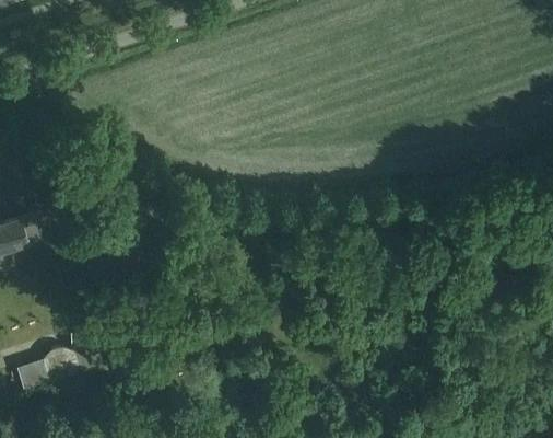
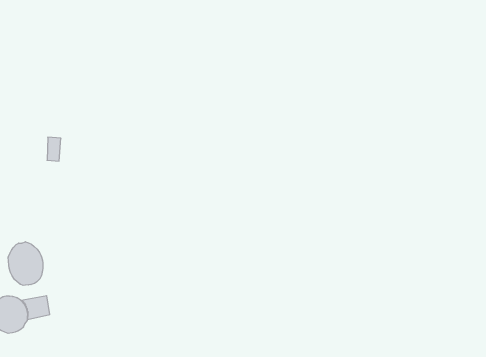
building: none -> [8,242,43,285]

